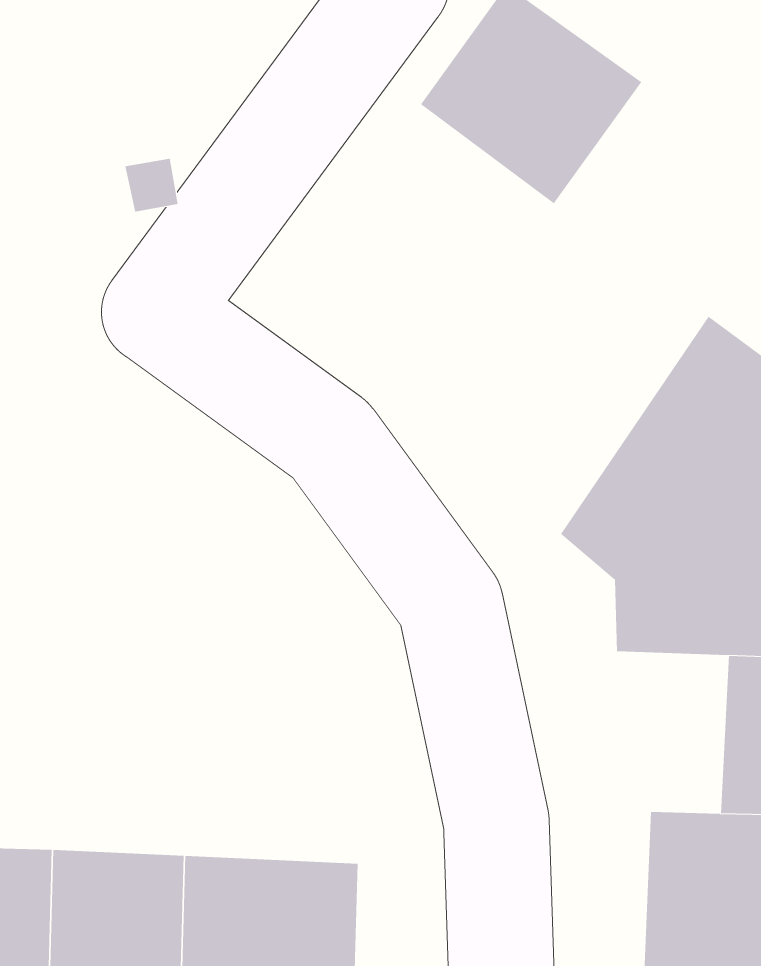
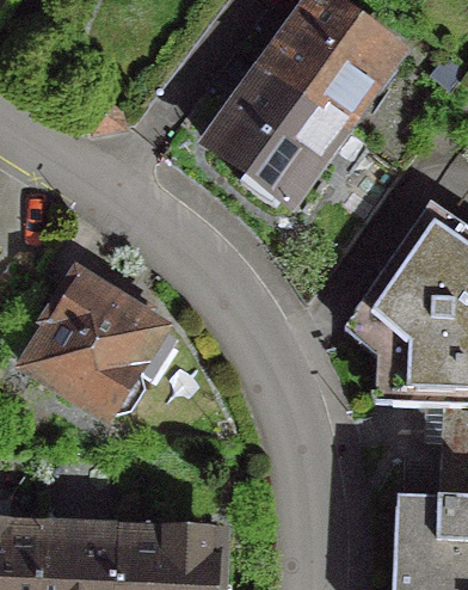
building: none -> [204,70,340,211]
building: none -> [21,281,168,423]

